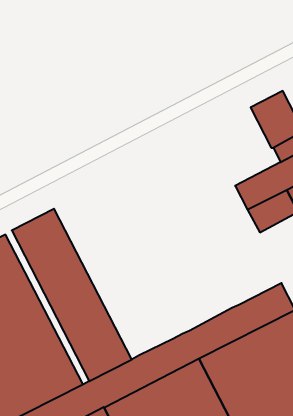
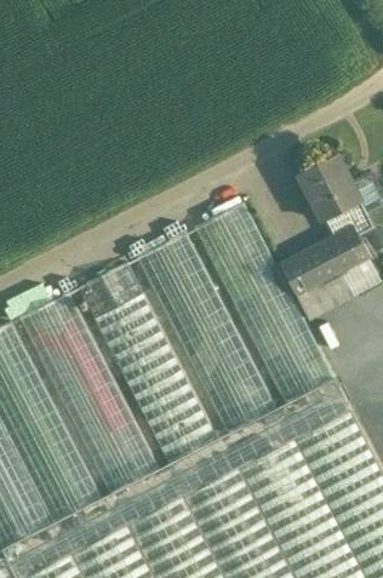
building: none -> [194,202,335,405]
building: none -> [136,233,276,435]
building: none -> [78,263,218,464]

